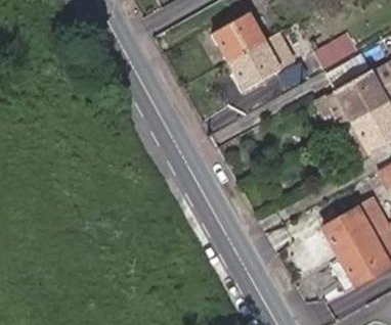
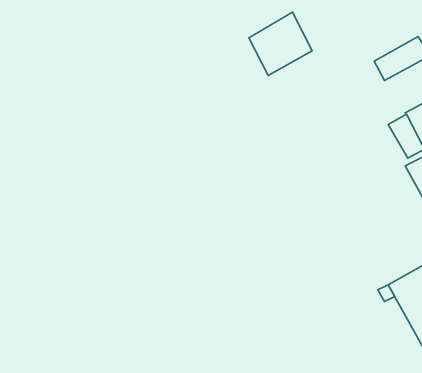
building: [229,34,294,89] -> none

